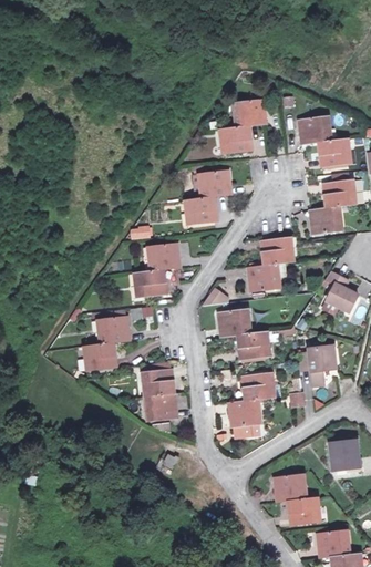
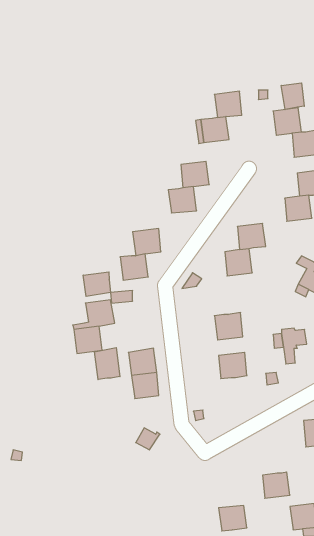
building: none -> [281,83,304,110]
building: none -> [83,272,111,296]
building: [217,307,247,336] -> none
building: none -> [95,348,120,380]
building: [227,399,257,426] -> none
building: [274,476,303,503] -> [219,506,247,531]

